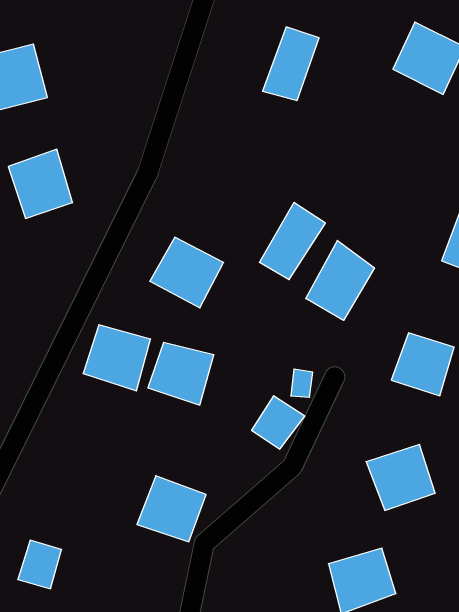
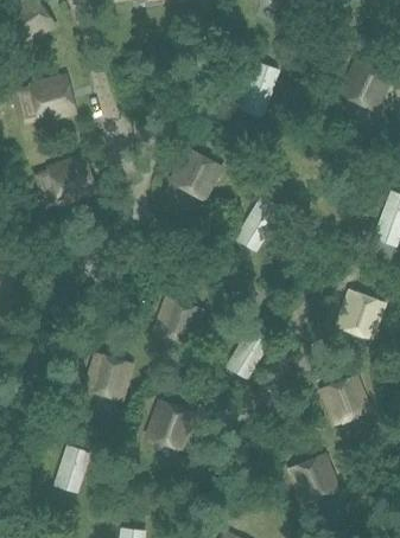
building: [150,237,224,308] -> [165,147,221,200]
building: [306,240,374,320] -> none
building: [83,325,151,391] -> [81,352,132,402]

